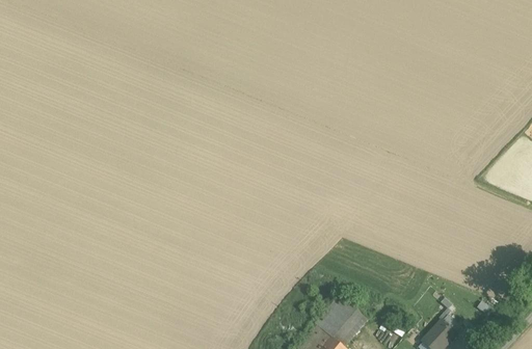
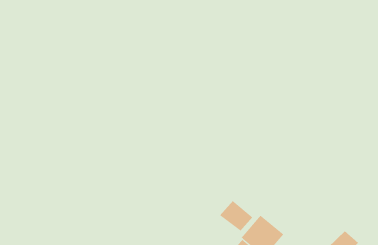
building: none -> [219,200,253,232]

